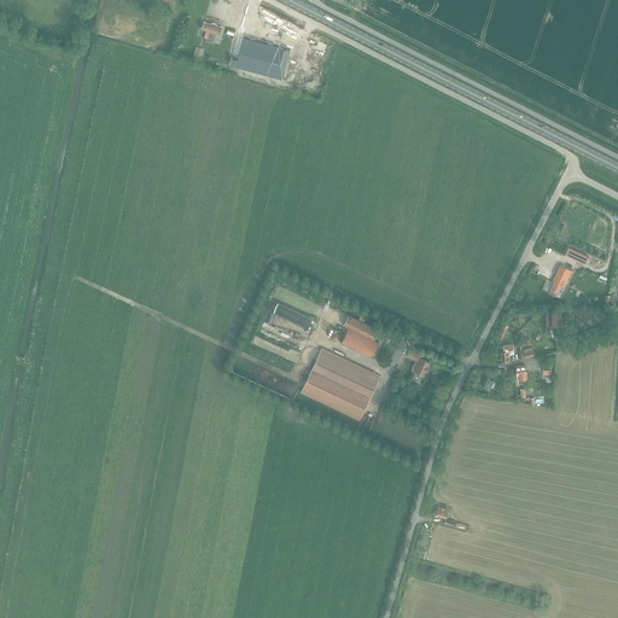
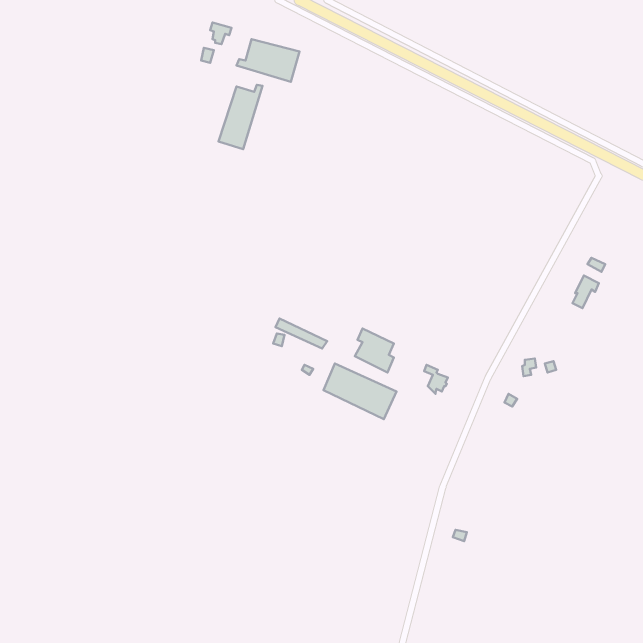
building: none -> [218,85,262,149]
building: [301,374,368,421] -> none

